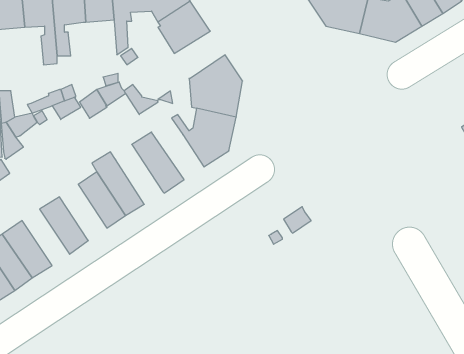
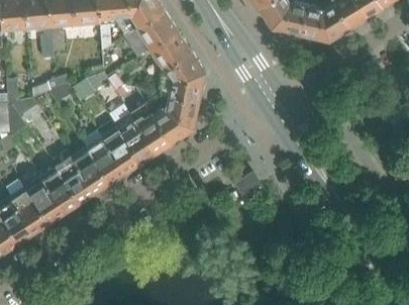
building: none -> [148,32,190,71]
building: none -> [130,103,173,152]
building: none -> [97,120,139,173]
building: none -> [52,151,94,202]
building: none -> [25,177,64,222]

